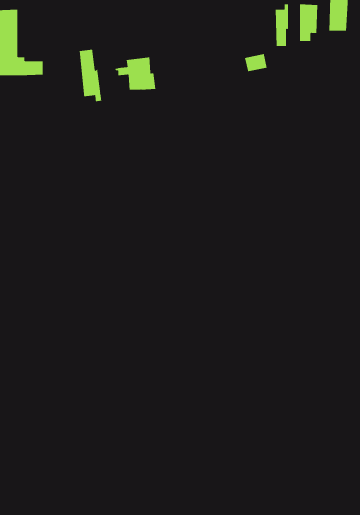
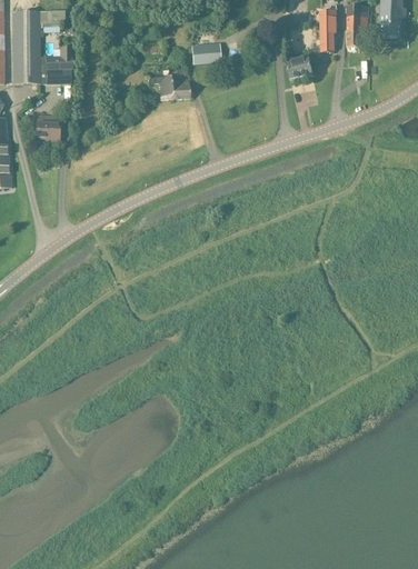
building: none -> [192,43,220,63]
building: [79,49,102,102] -> none
building: none -> [36,117,59,141]

